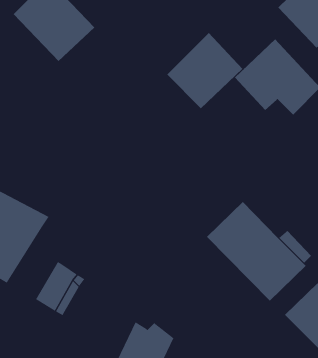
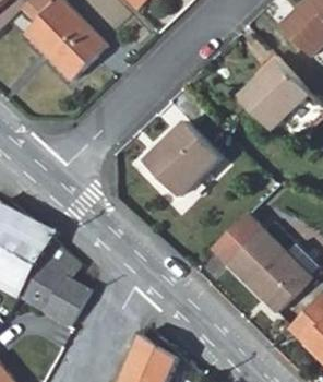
building: [166,32,243,109] -> [141,124,216,200]
building: none -> [16,241,80,312]

